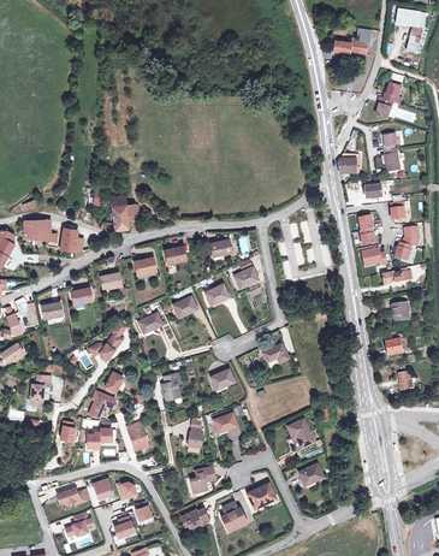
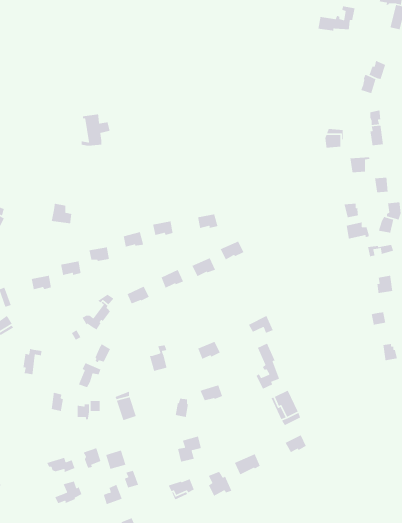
building: [107,195,137,229] -> [81,113,110,146]
building: [24,219,57,242] -> none
building: none -> [256,342,280,390]

